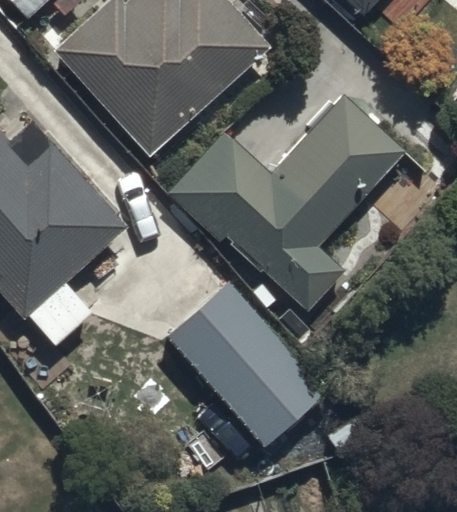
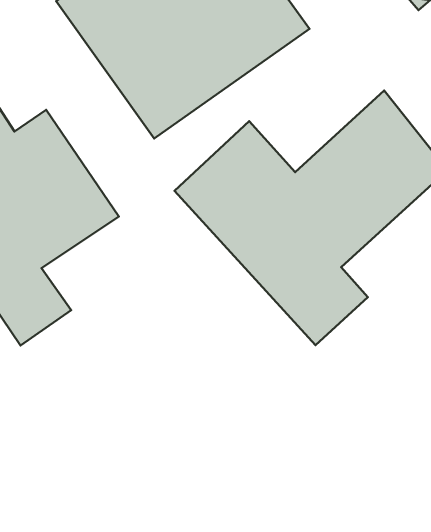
building: [159,280,329,452] -> none

